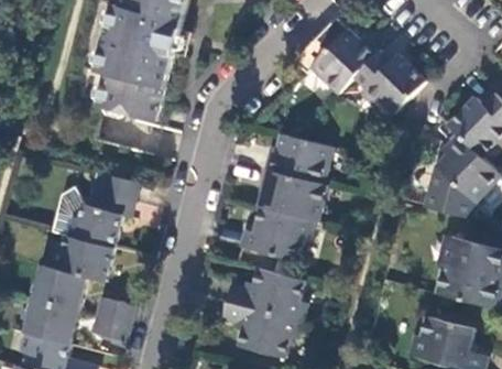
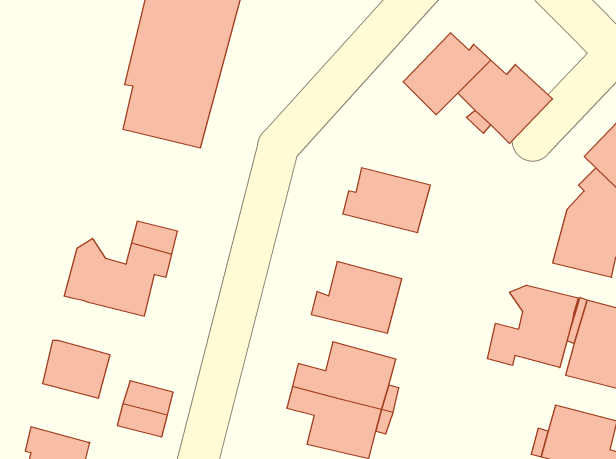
building: [260,170,325,221] -> none
building: none -> [488,285,578,368]
building: [46,236,112,281] -> none
building: [25,300,77,345] -> none

